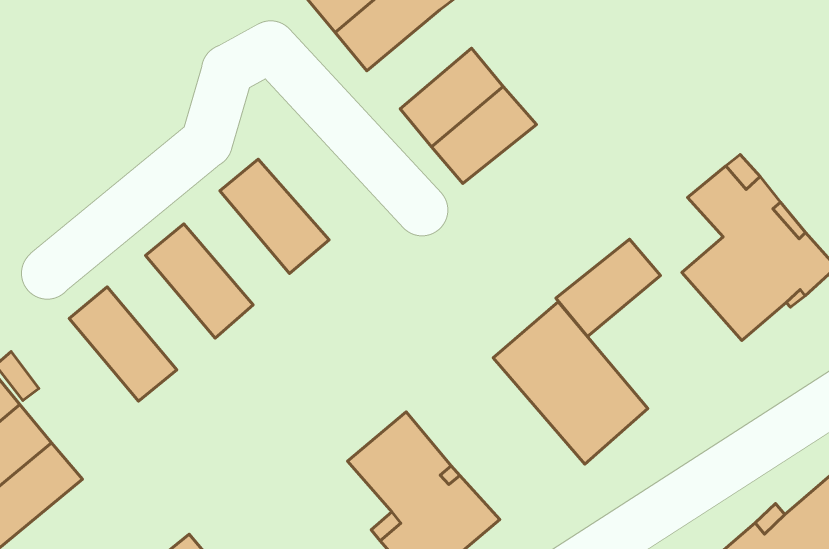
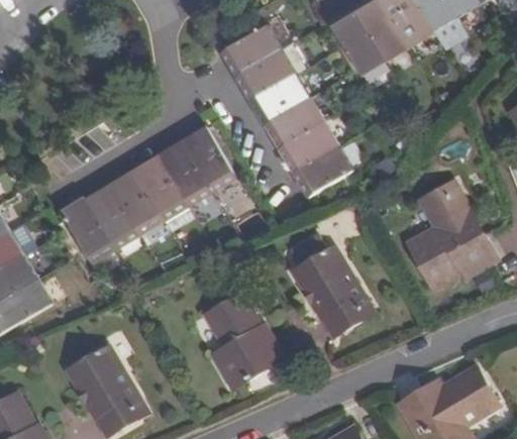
building: none -> [248,73,309,124]
building: none -> [180,125,235,191]
building: none -> [132,153,187,220]
building: [556,239,661,336] -> [292,145,352,196]
building: none -> [84,183,139,249]

